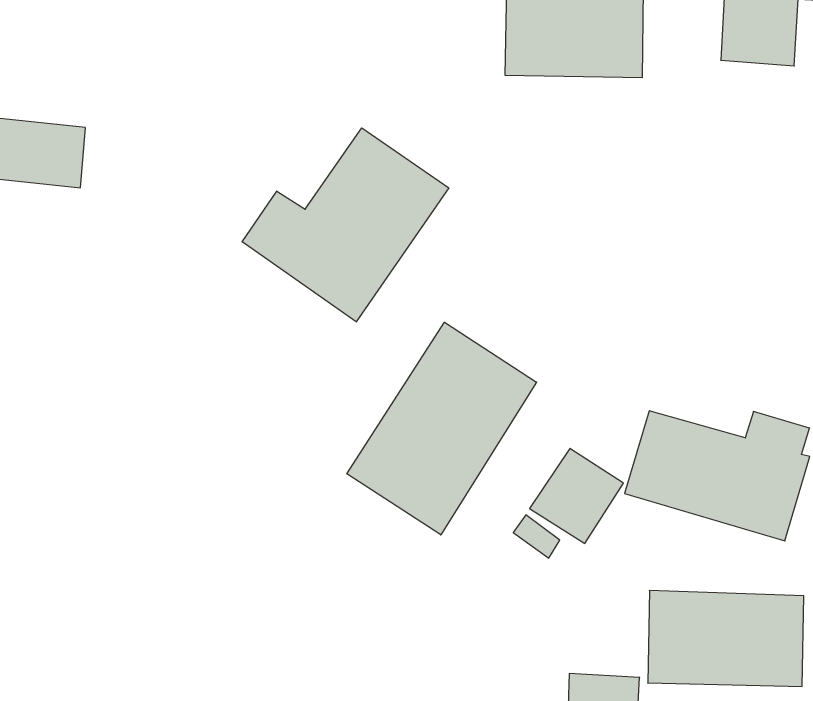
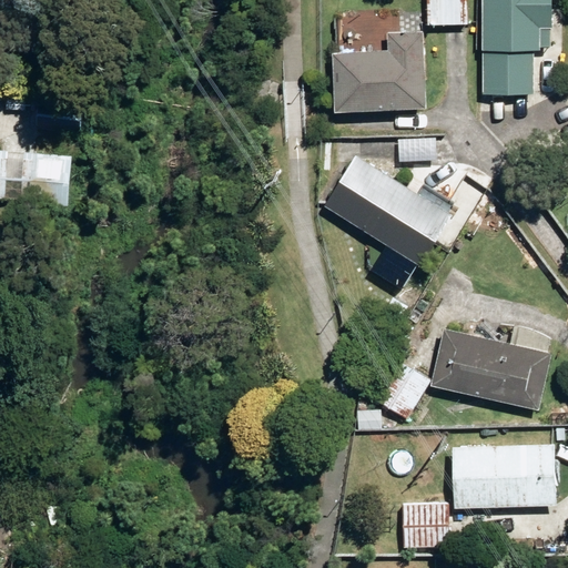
building: [242,128,449,322] -> none
building: none -> [324,154,454,266]
building: [347,322,537,535] -> none

